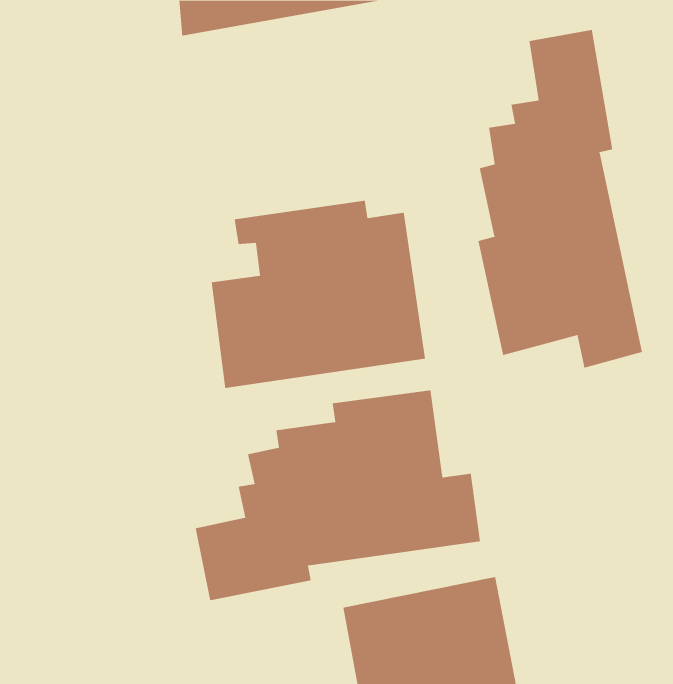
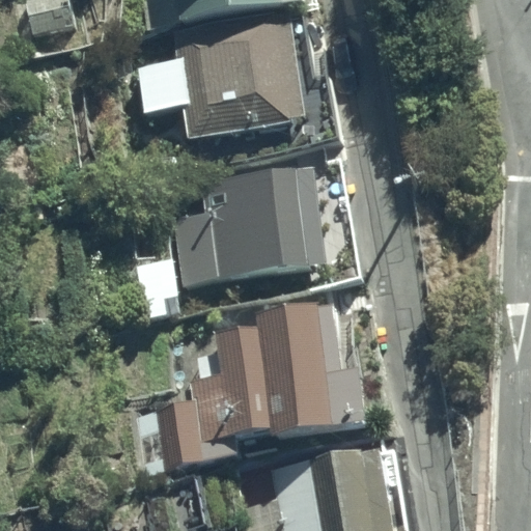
building: none -> [135,12,318,137]
building: [478,29,643,369] -> none

